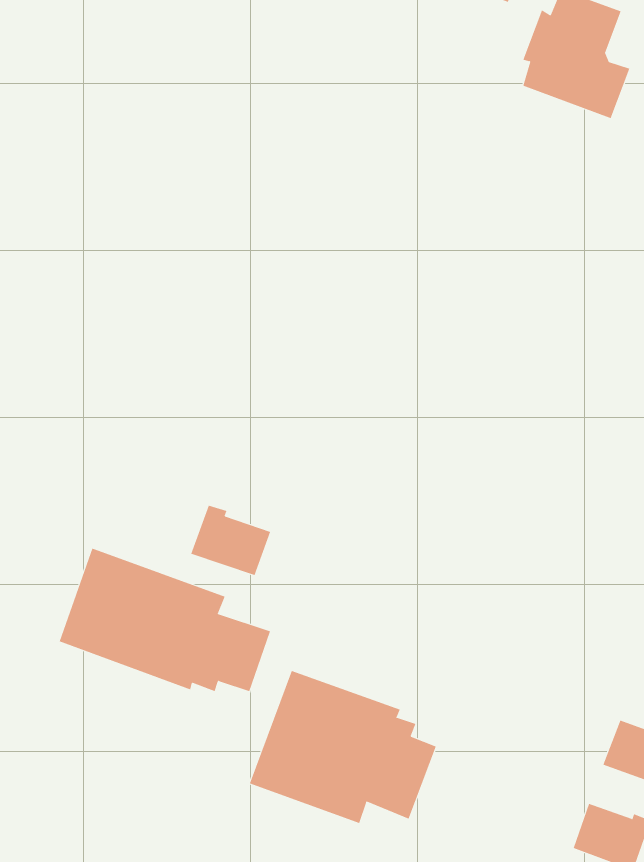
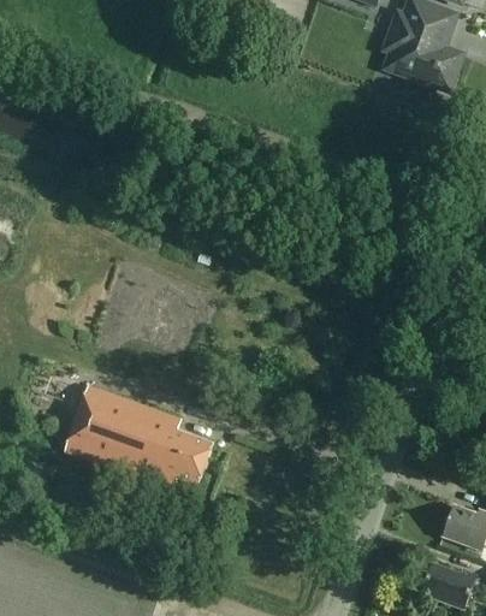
building: [191,505,271,576] -> none
building: [249,670,436,824] -> none

